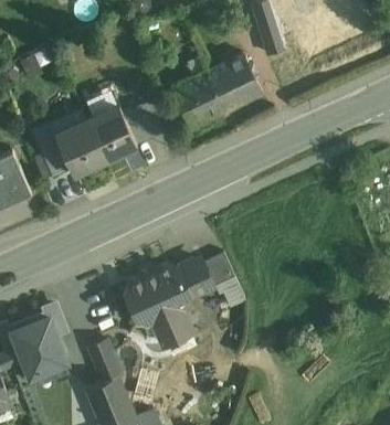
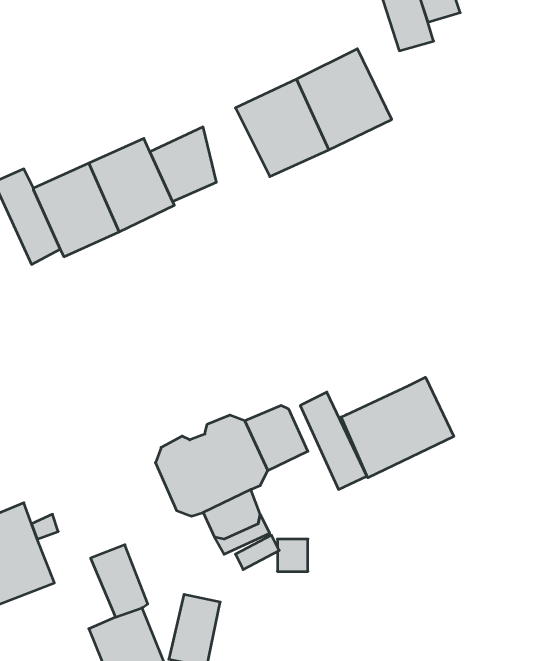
building: none -> [341,377,454,478]

